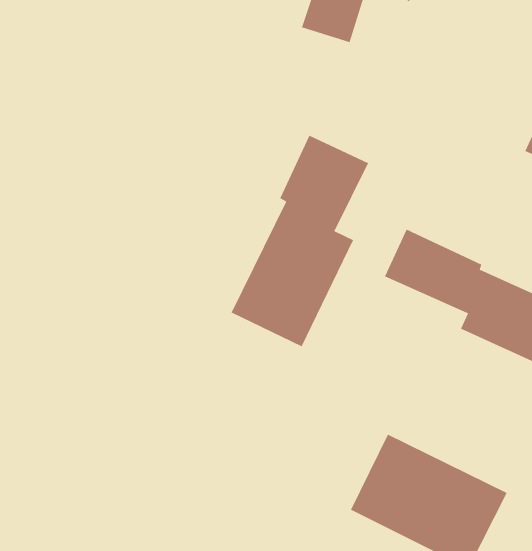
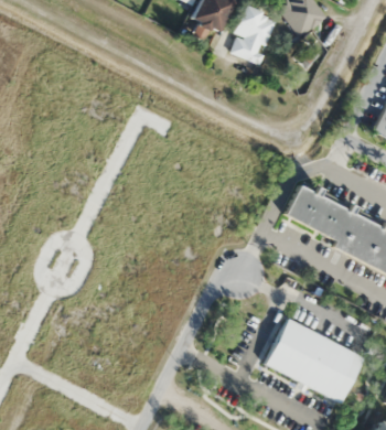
building: [231,135,369,347] -> none

